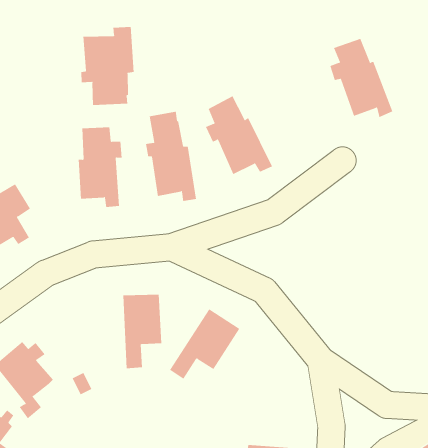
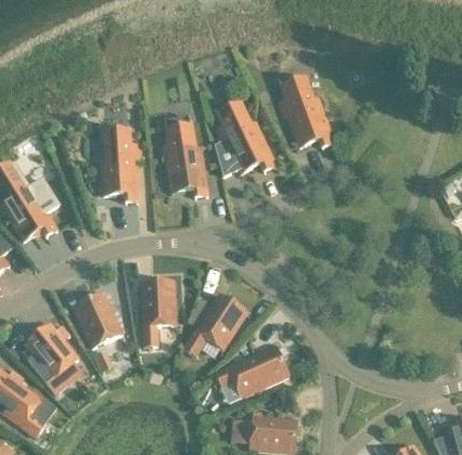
building: [81,26,134,106] -> none
building: [329,38,393,118] -> [277,77,334,148]
building: none -> [73,292,121,348]
building: none -> [214,346,287,398]

